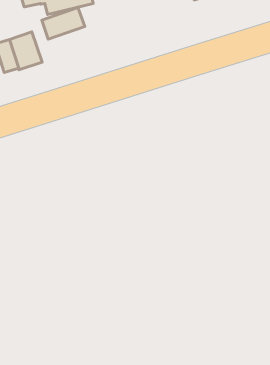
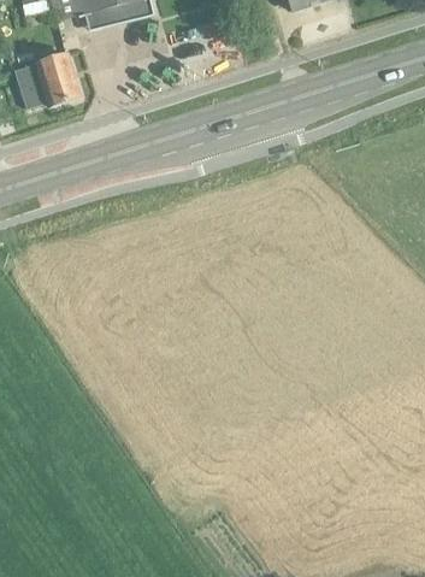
building: [42,7,85,39] -> none

